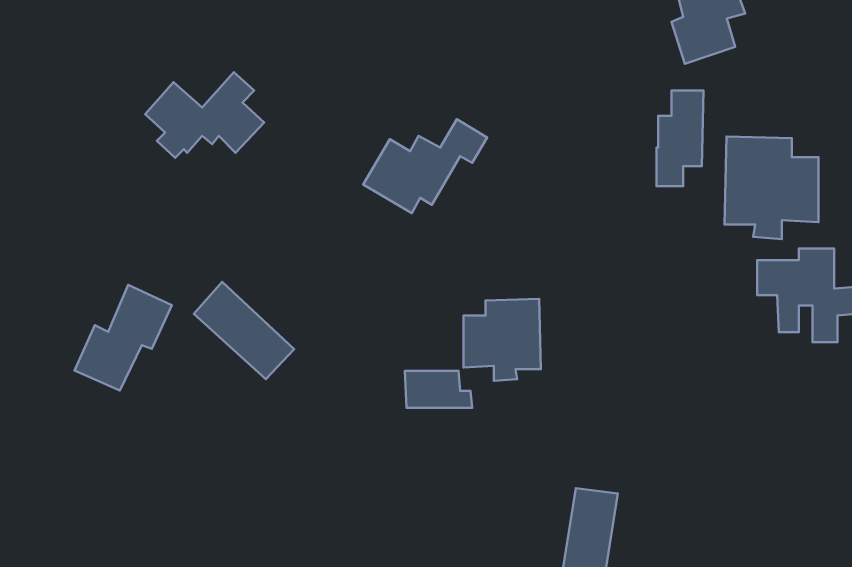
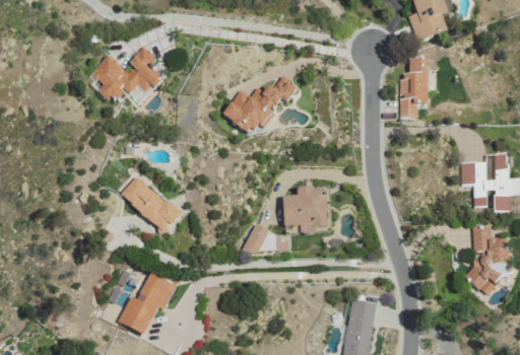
building: [725,136,818,239] -> none
building: [75,285,172,391] -> [118,271,177,335]
building: none -> [464,224,509,295]

